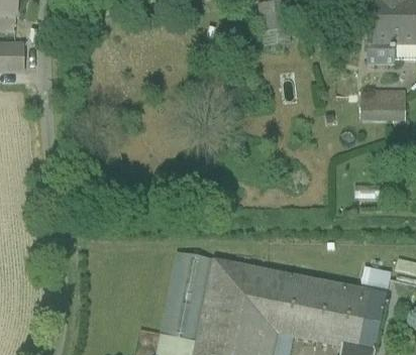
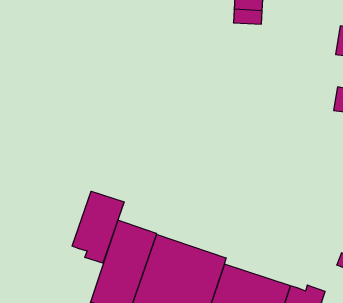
building: none -> [72,191,124,263]
building: [359,265,392,294] -> none

